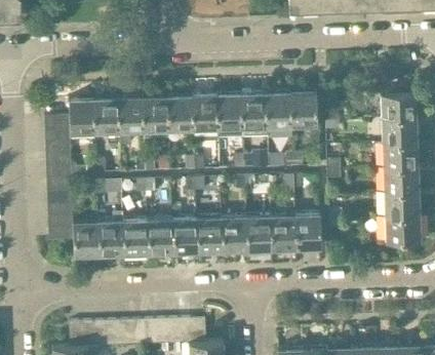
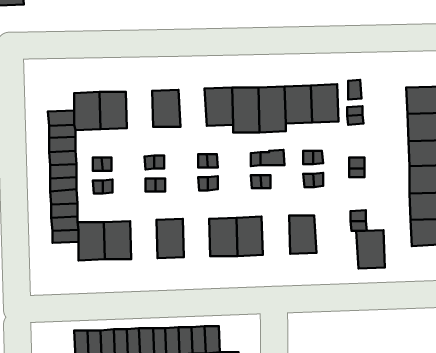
building: [167,96,194,132] -> none
building: [118,98,144,145] -> none
building: [294,214,321,250] -> [356,230,385,268]
building: [245,215,272,252] -> none
building: [171,219,197,254] -> none
building: [122,220,148,257] -> none

